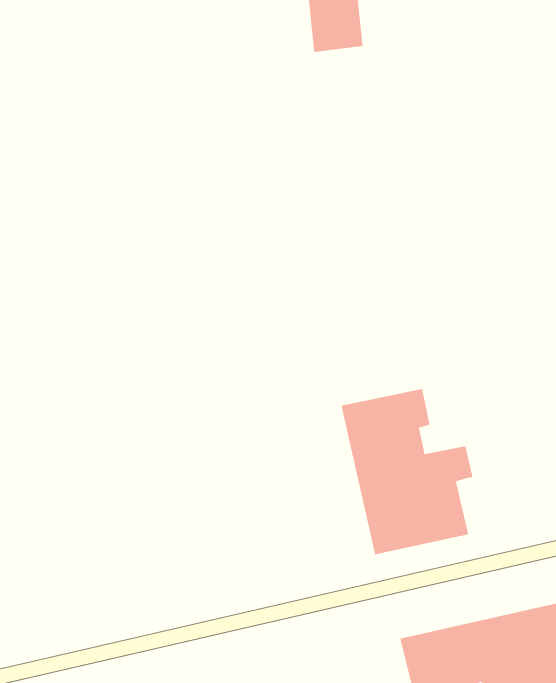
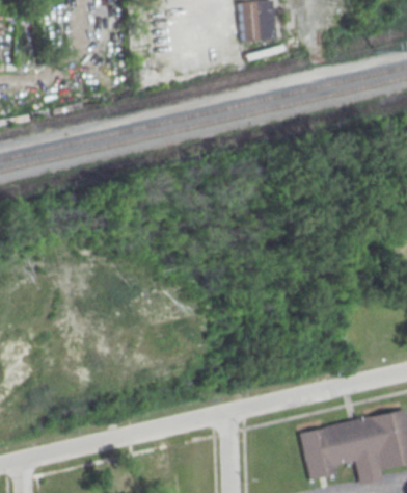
building: [341,388,473,555] -> none

